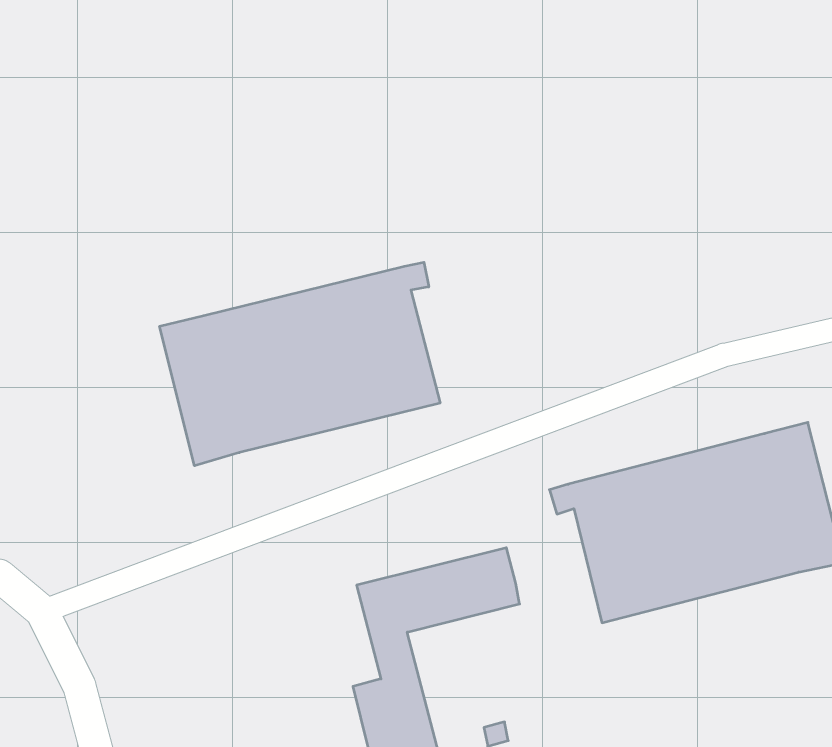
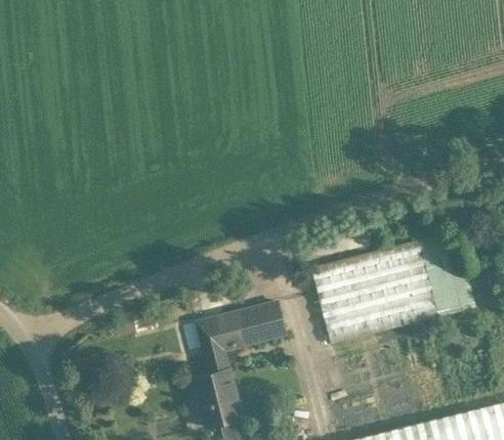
building: [160,262,440,466] -> none

